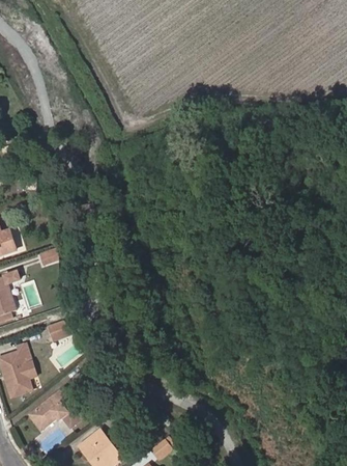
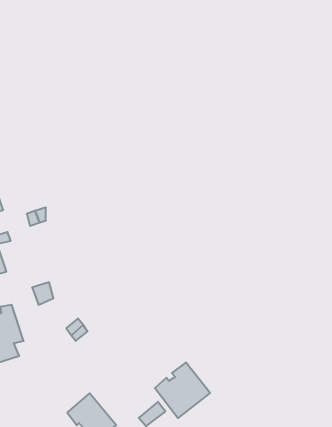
building: [28,389,83,430] -> none
building: none -> [155,362,210,418]

